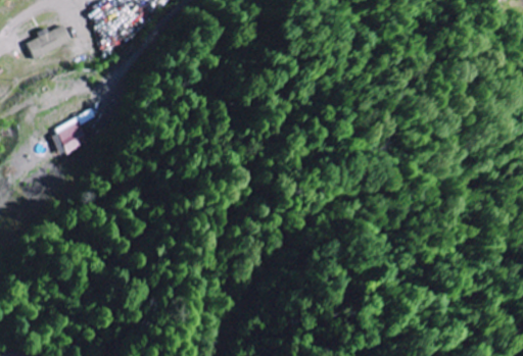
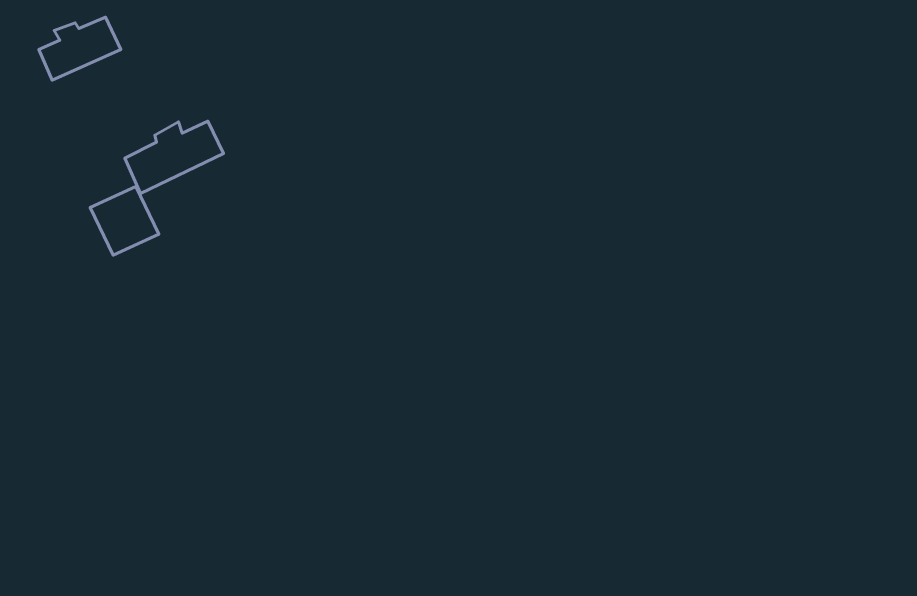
building: none -> [125,121,224,193]

